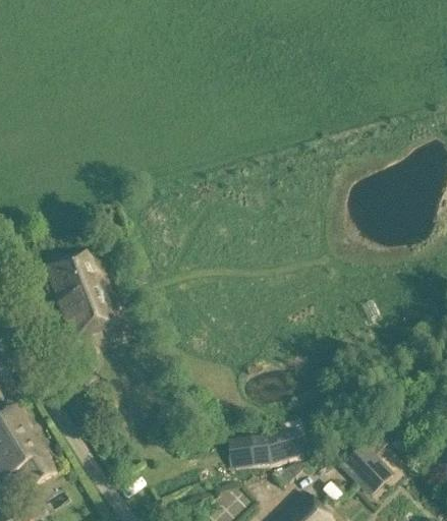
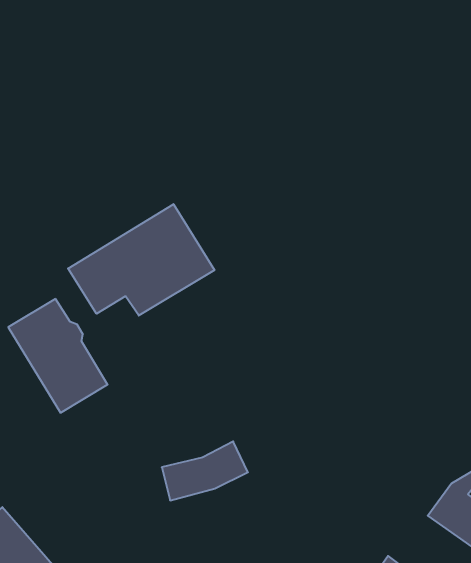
building: none -> [68,204,214,316]
building: [231,429,296,466] -> [162,441,248,500]

